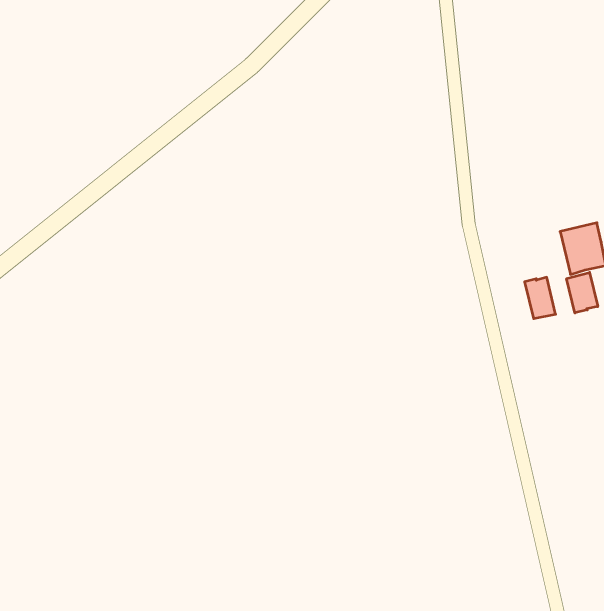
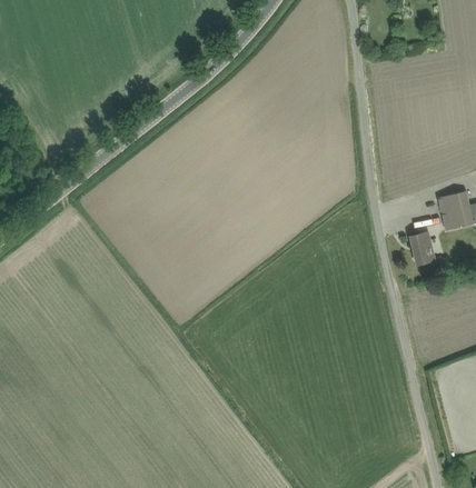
building: [567,272,598,313] -> none

